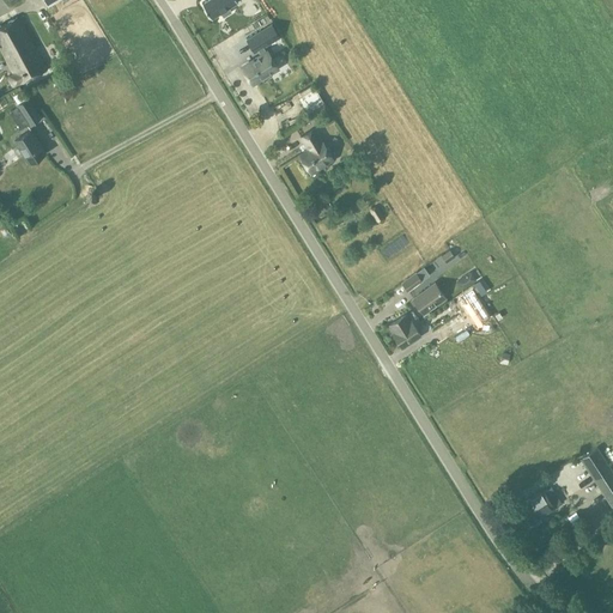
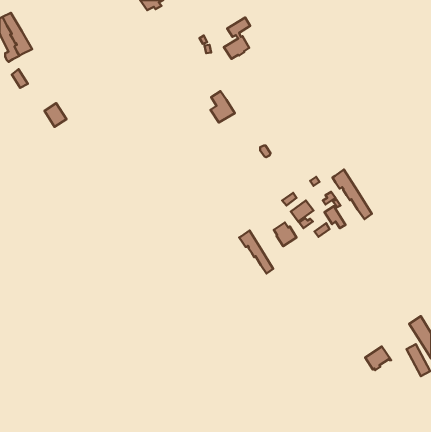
building: [241,25,278,84] -> [224,18,250,59]
building: [13,131,44,164] -> [44,103,66,127]
building: none -> [332,169,372,219]
building: none -> [239,231,273,274]

